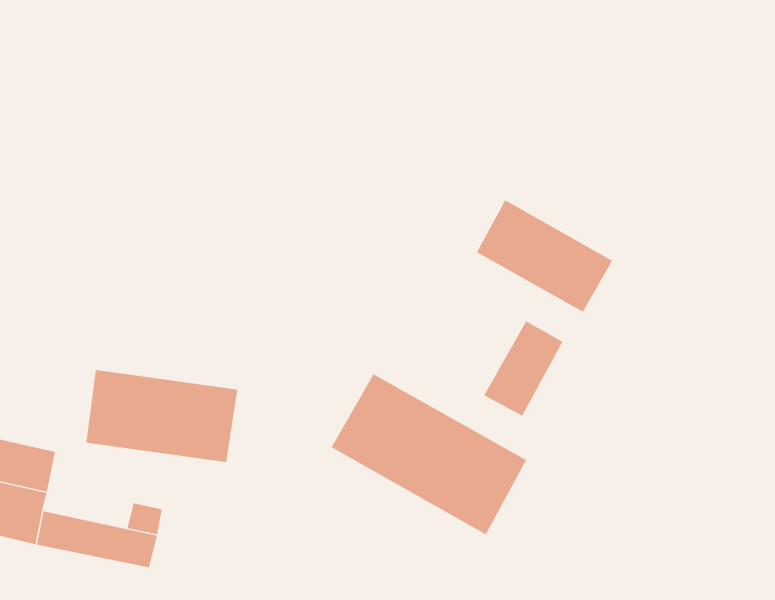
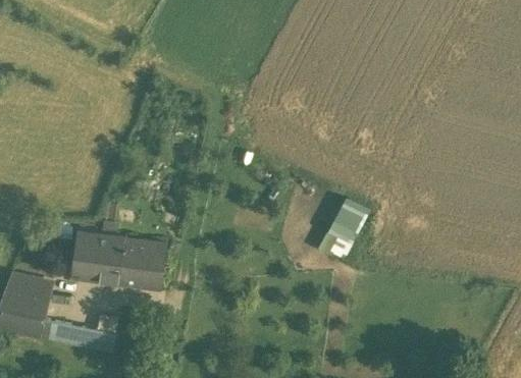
building: [476,199,613,313] -> none
building: [330,373,527,535] -> none

